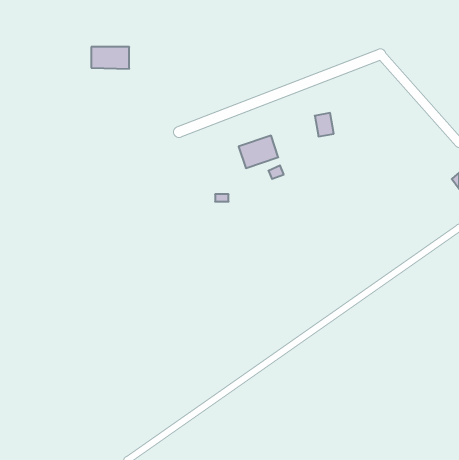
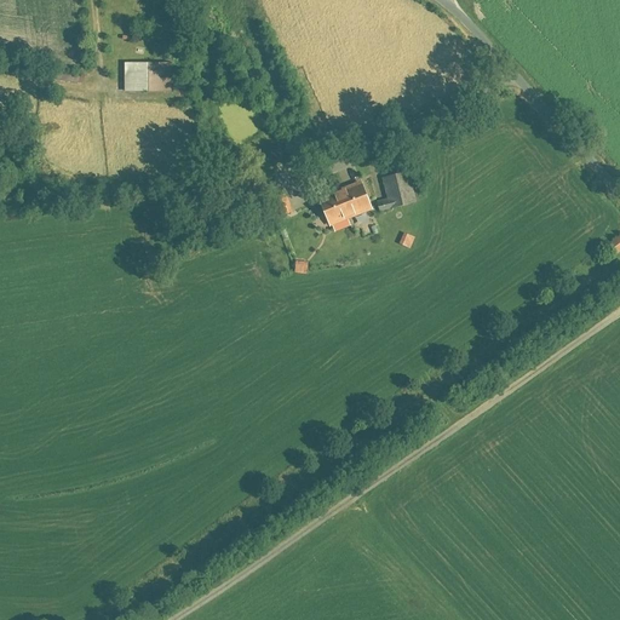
building: [315,113,334,136] -> [380,173,406,205]

